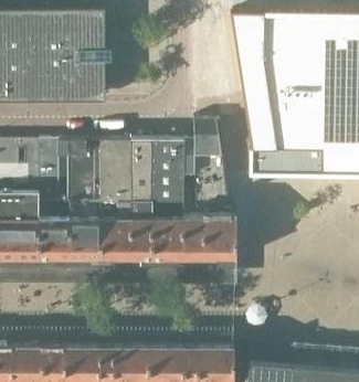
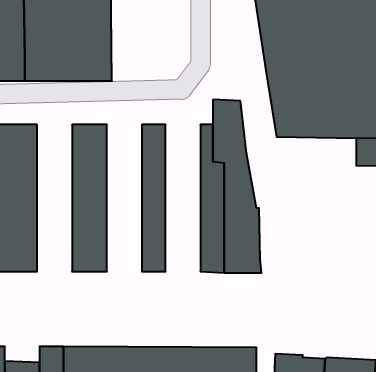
building: [38,140,68,270] -> none
building: [99,140,130,270] -> none
building: [151,140,182,270] -> none
building: [249,151,320,177] -> none

